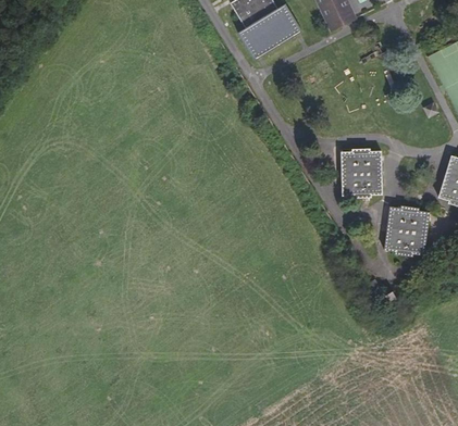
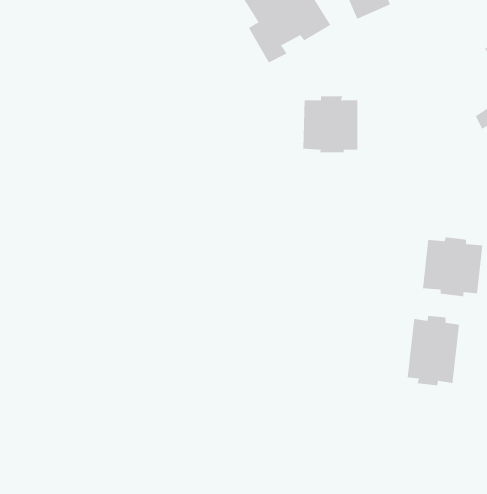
building: [336,146,381,191] -> [302,96,358,153]
building: none -> [407,315,459,386]

